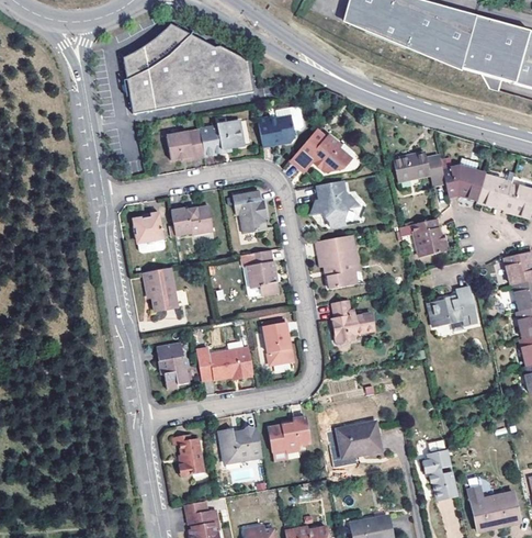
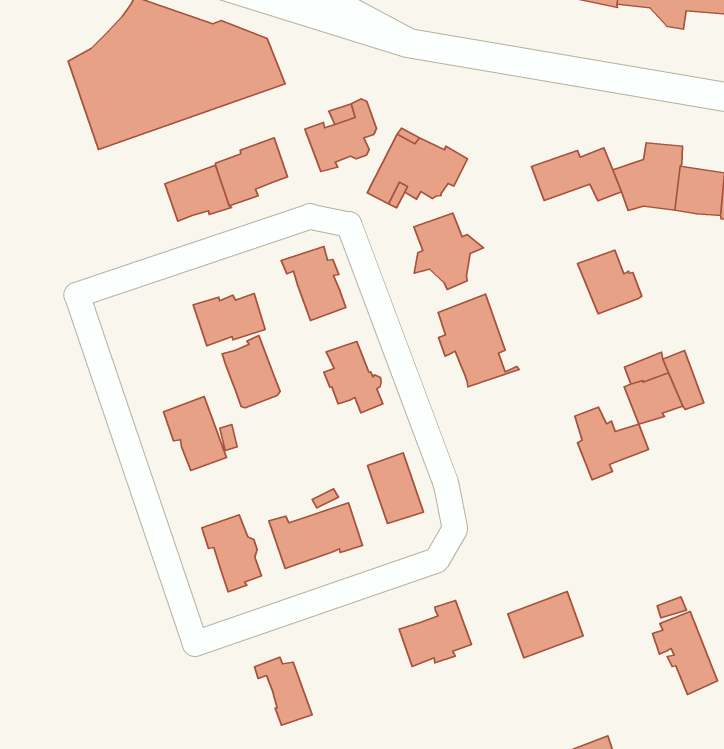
building: [136,214,168,257] -> [222,336,280,408]
building: [333,300,376,344] -> [575,407,648,480]
building: [222,430,262,462] -> none

